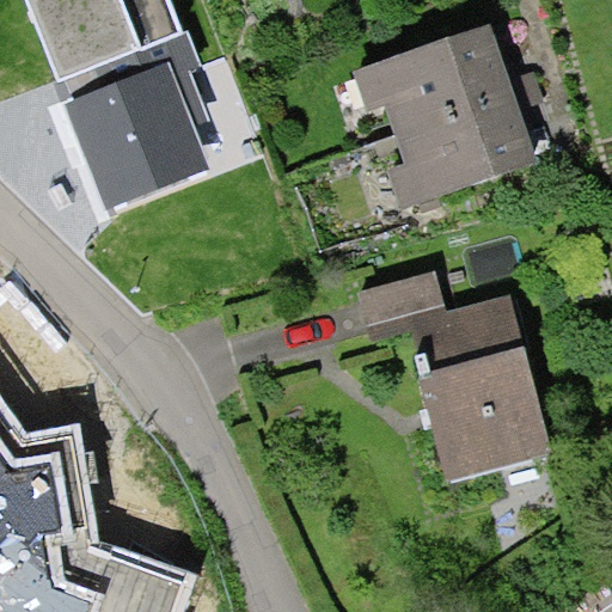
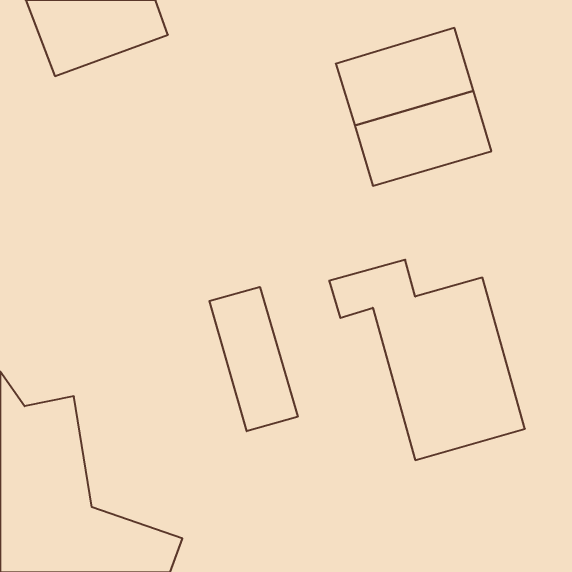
building: [59,32,219,208] -> none
building: none -> [209,287,298,431]

